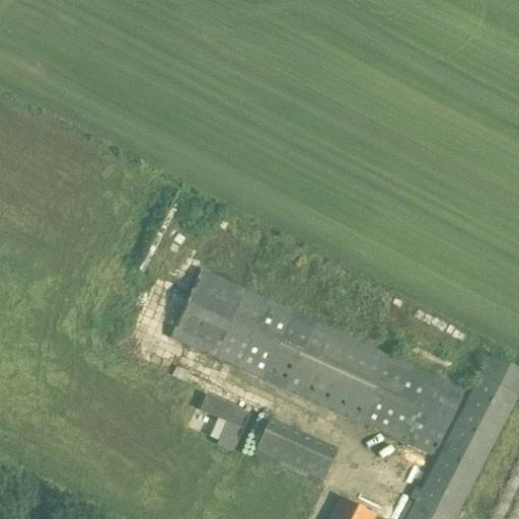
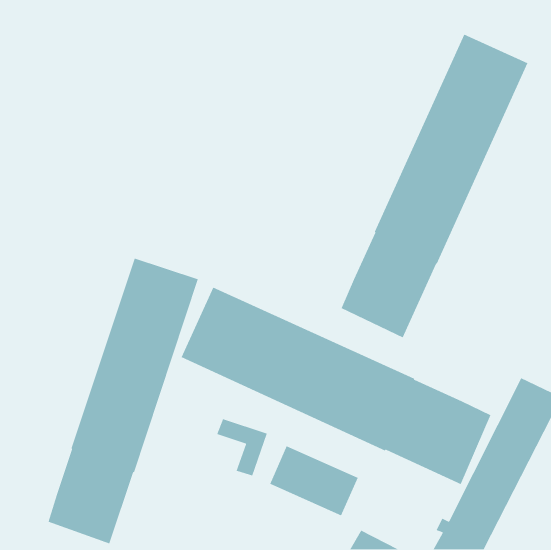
building: none -> [341,34,528,338]
building: none -> [47,257,199,545]

